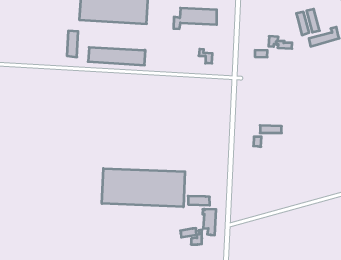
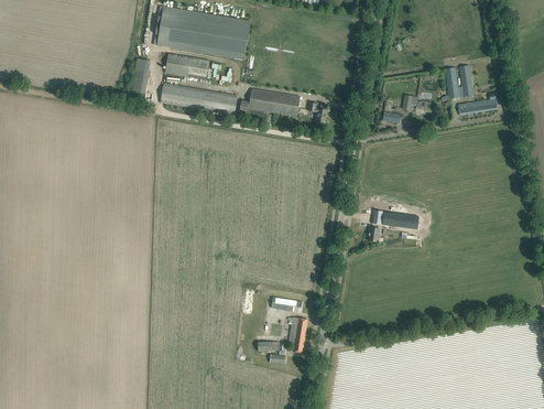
building: [174,8,217,29] -> [239,88,300,116]
building: none -> [165,53,209,78]
building: [102,168,185,207] -> none

